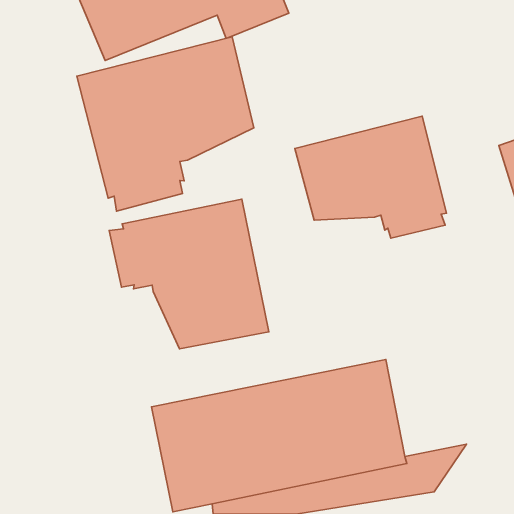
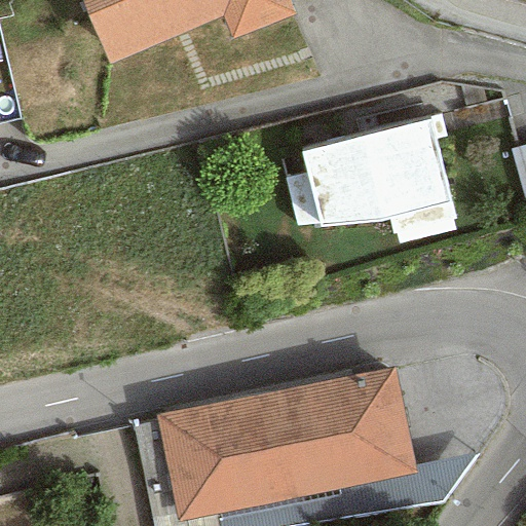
building: [77,37,254,211] -> none
building: [109,199,269,349] -> none

